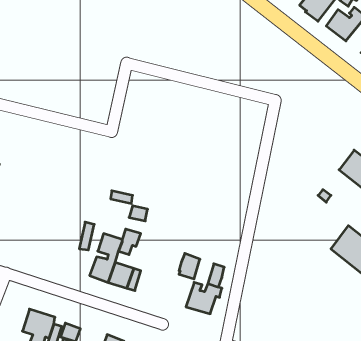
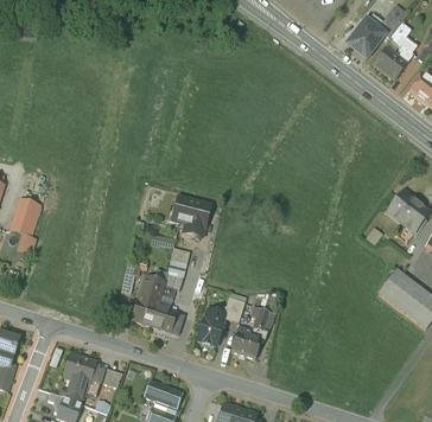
building: none -> [176,196,210,236]
building: none -> [197,306,225,344]

